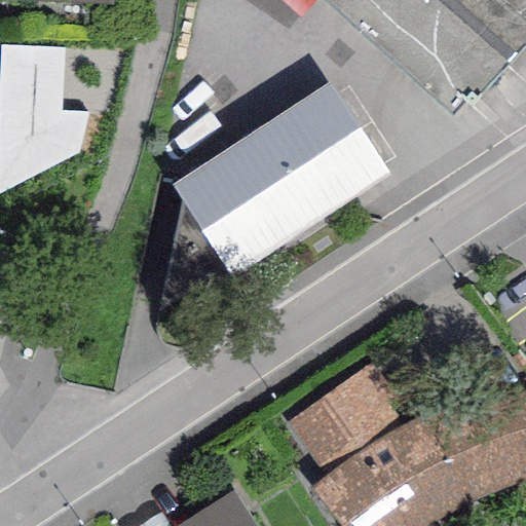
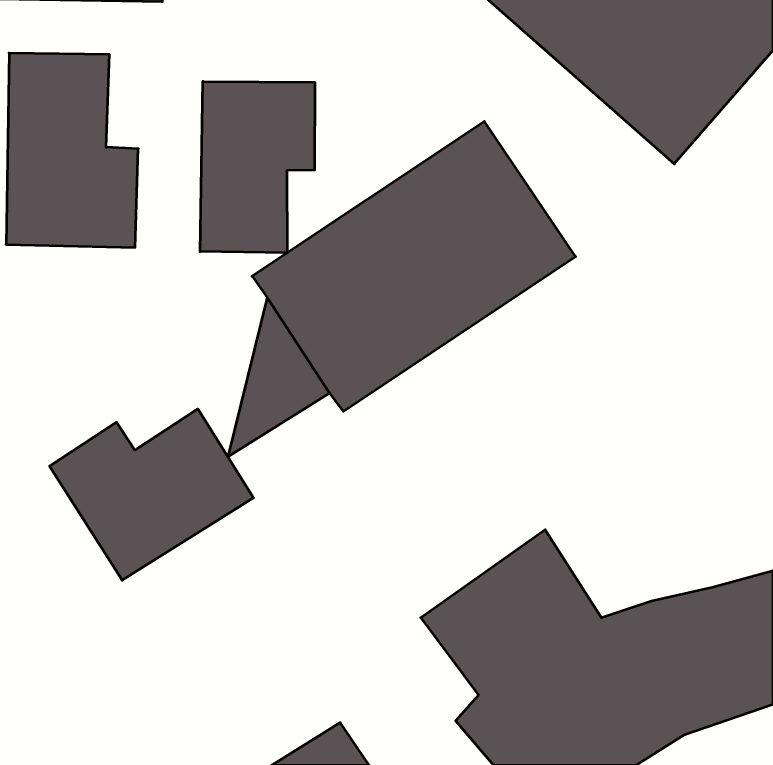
building: none -> [200,81,315,253]
building: none -> [50,409,253,580]

